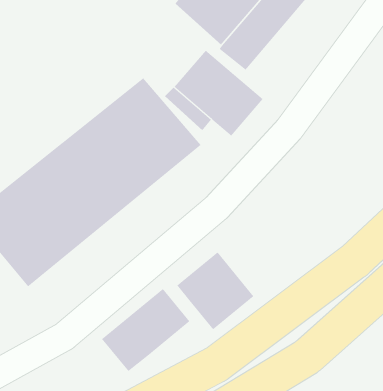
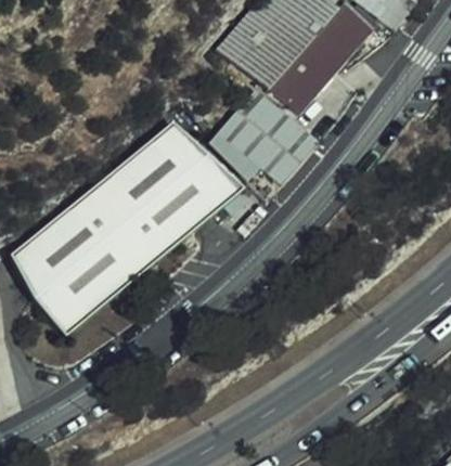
building: [177,252,254,330] -> none
building: [101,288,190,372] -> none

